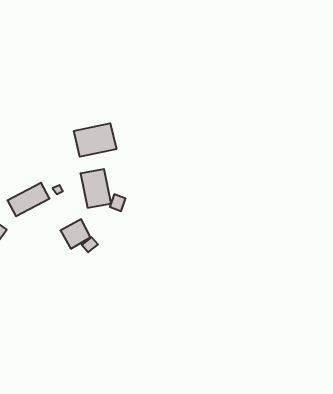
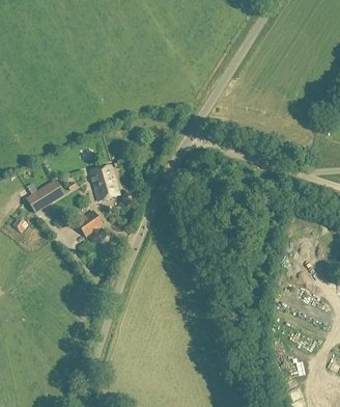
building: [74,123,116,157] -> none

